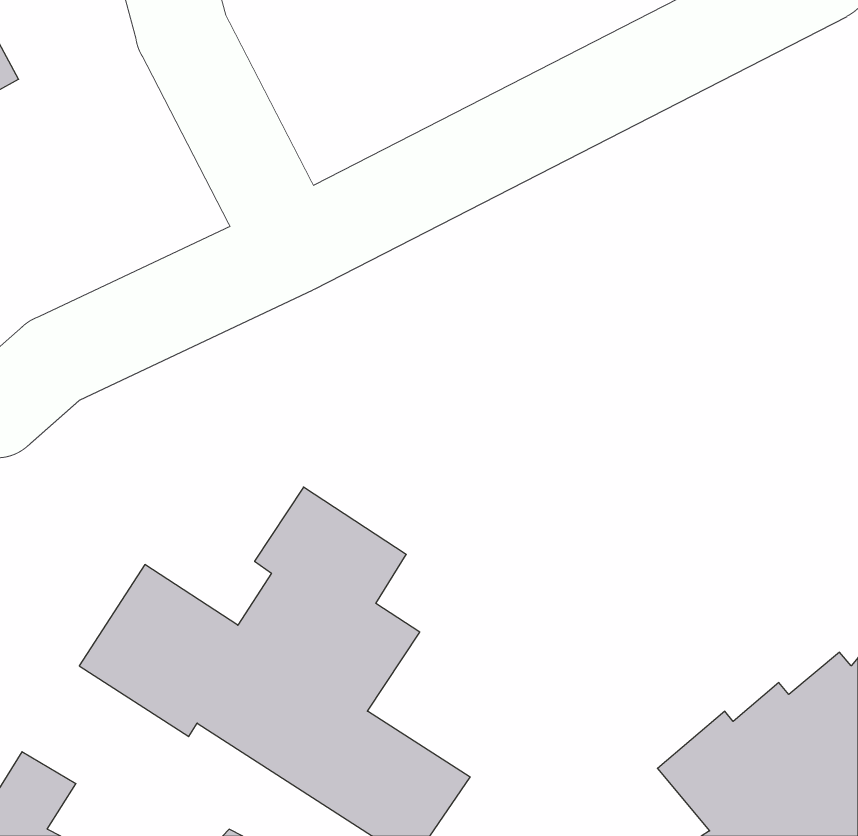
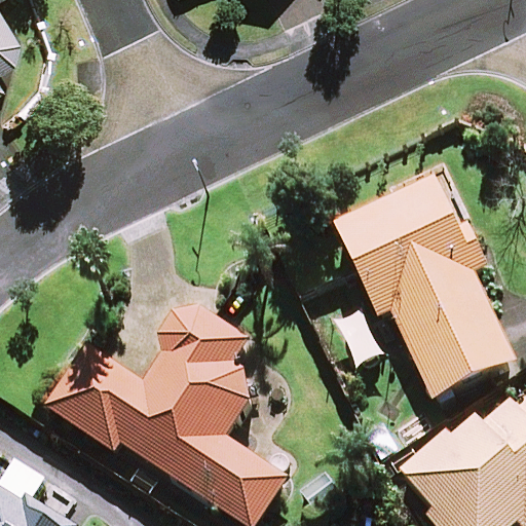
building: none -> [336,176,514,398]

